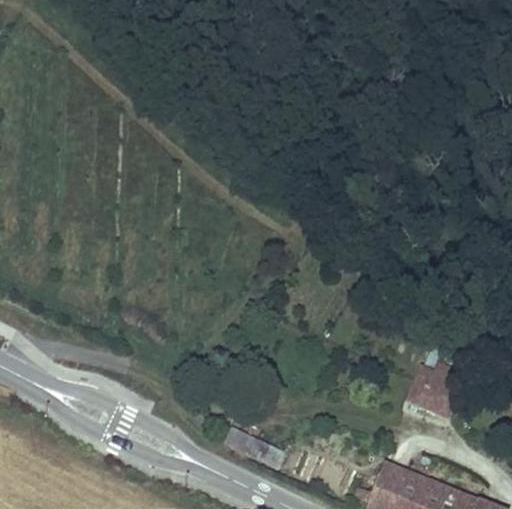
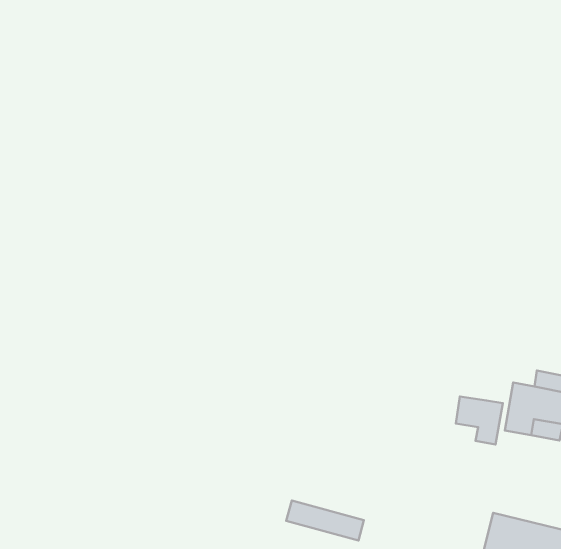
building: none -> [456,397,503,445]

